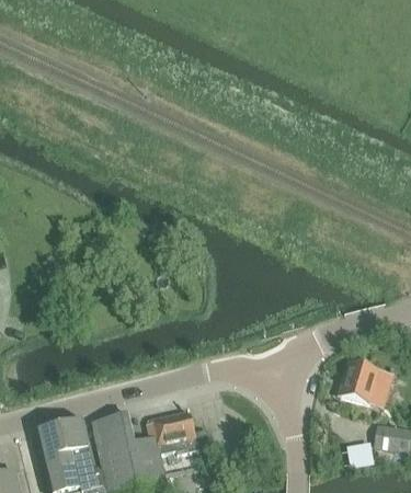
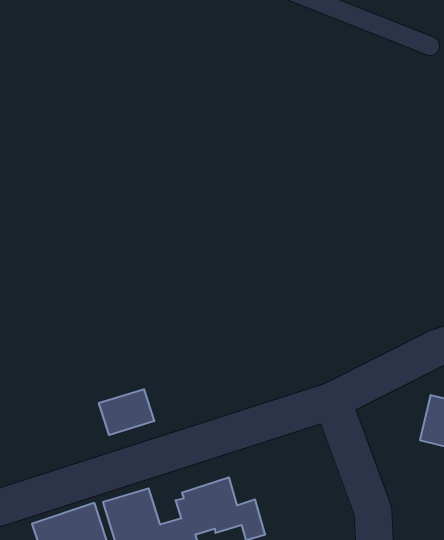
building: none -> [99,389,154,435]

